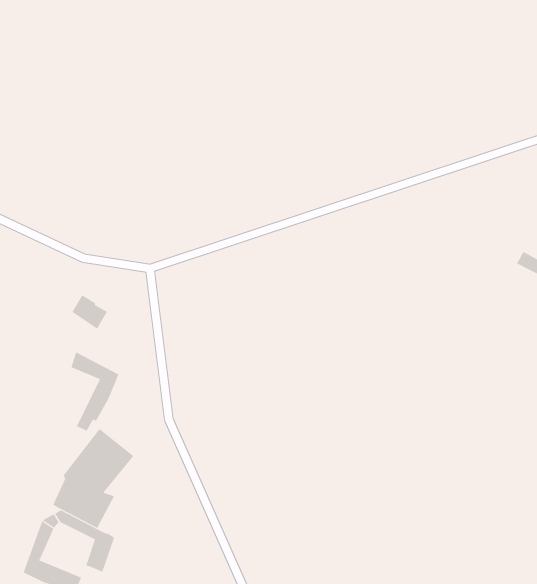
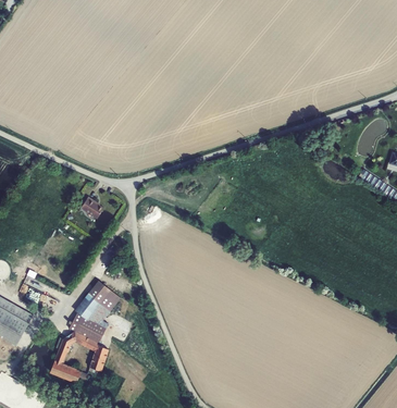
building: [71,351,119,431] -> none

